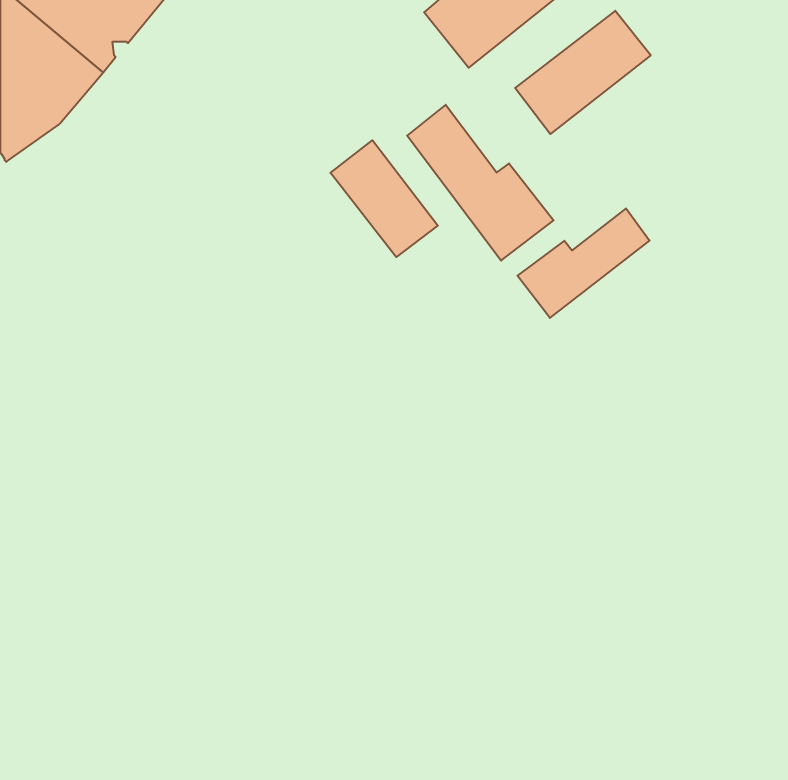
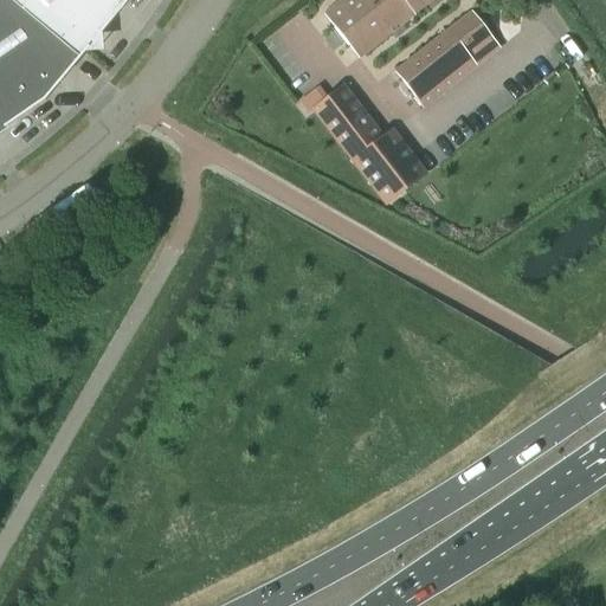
building: [330,140,438,257] -> none
building: [517,208,650,318] -> none

